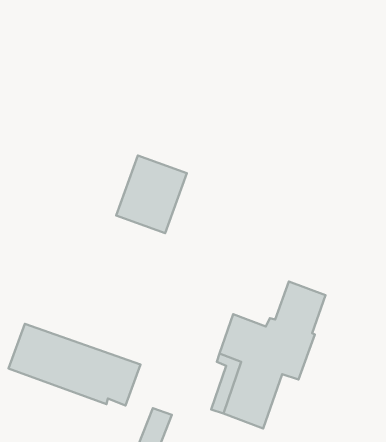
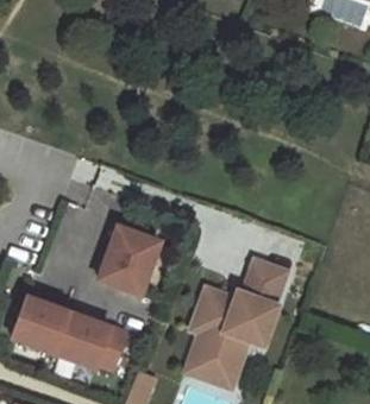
building: [116,156,187,233] -> [96,226,158,293]

